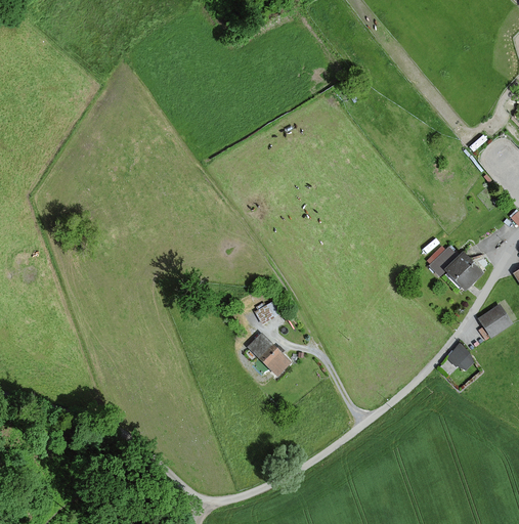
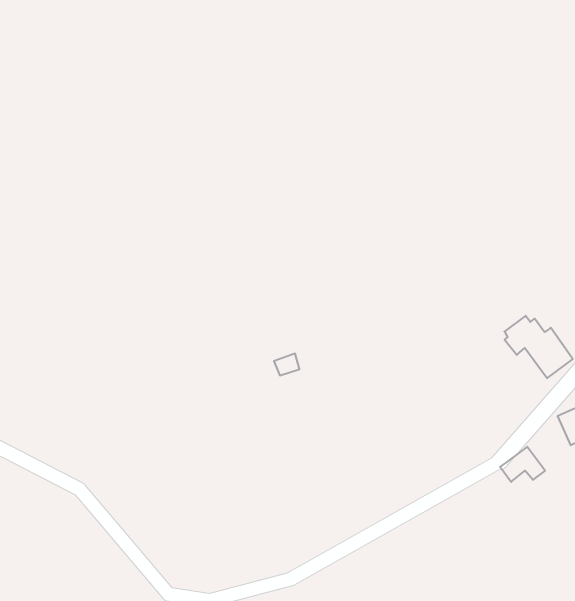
building: [249,334,292,376] -> none

